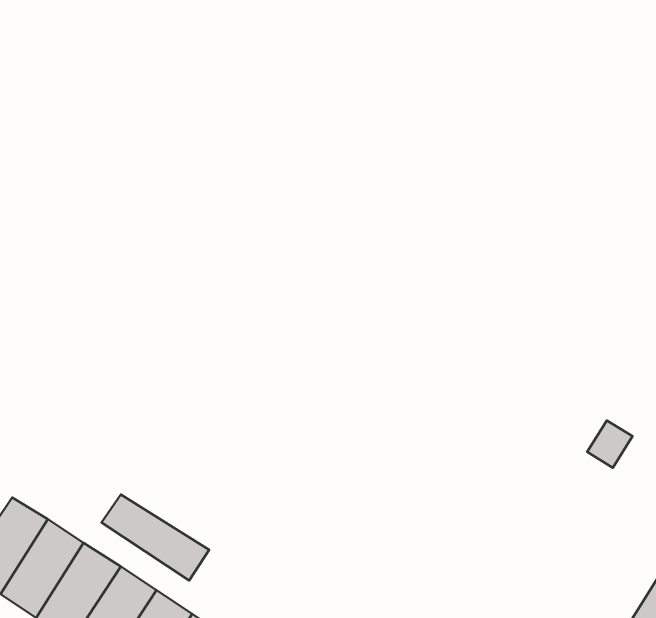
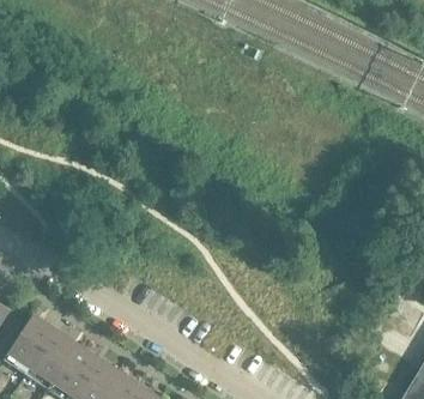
building: [101,494,209,580] -> none

